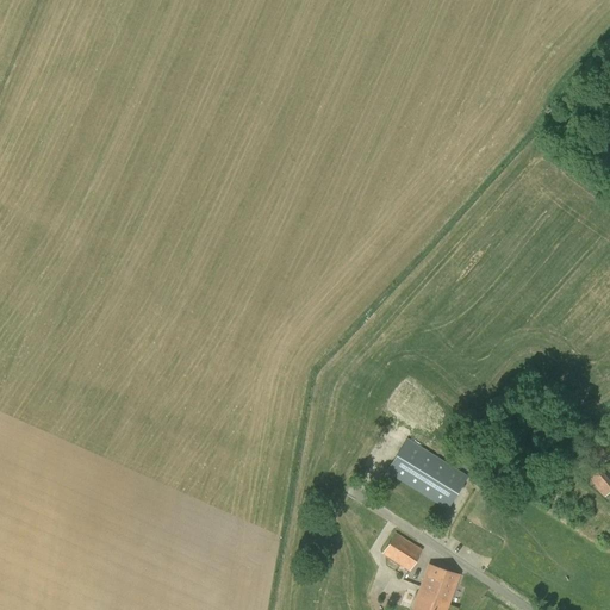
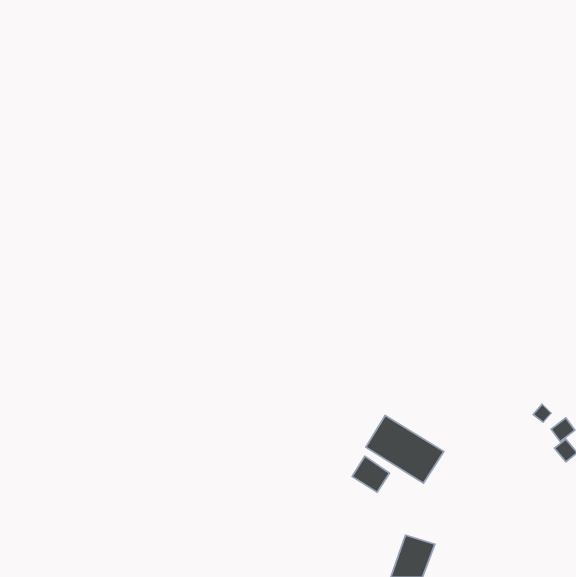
building: [384,533,423,571] -> [352,456,390,492]

